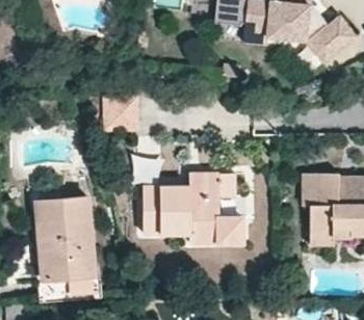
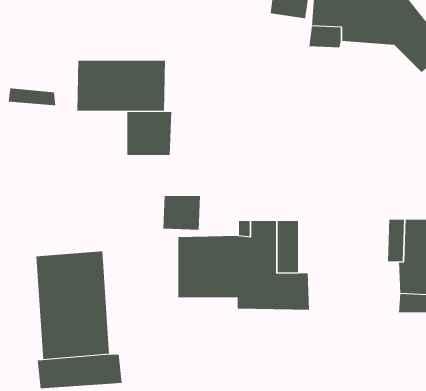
building: none -> [77,60,165,111]

